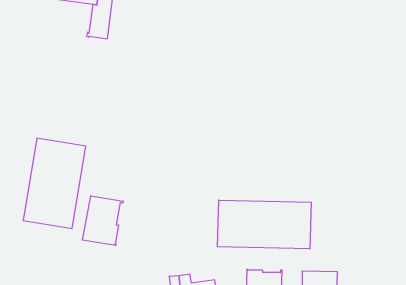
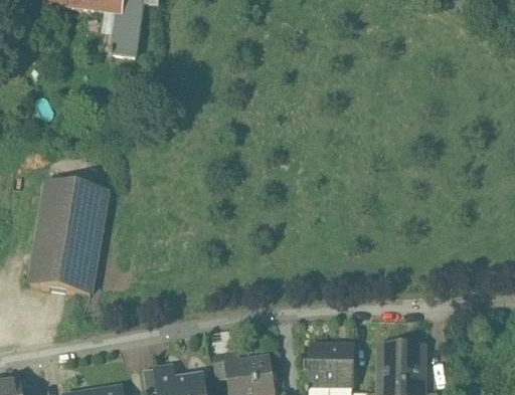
building: [83,196,123,245] -> none
building: [218,200,311,249] -> none

